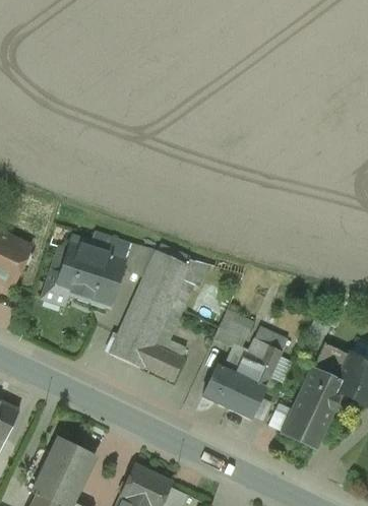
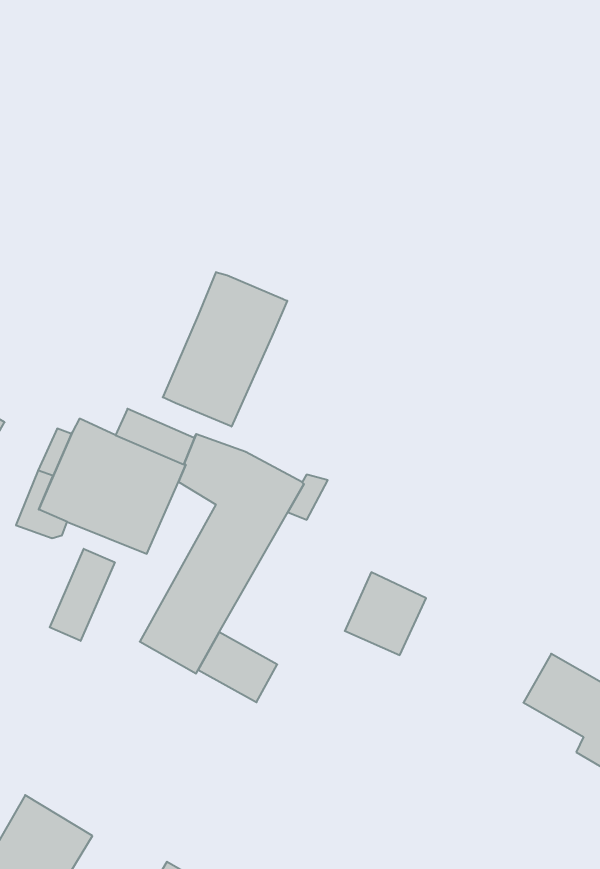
building: none -> [163,272,287,427]
building: none -> [50,549,115,641]
building: [204,338,284,417] -> none
building: [284,369,346,448] -> none

